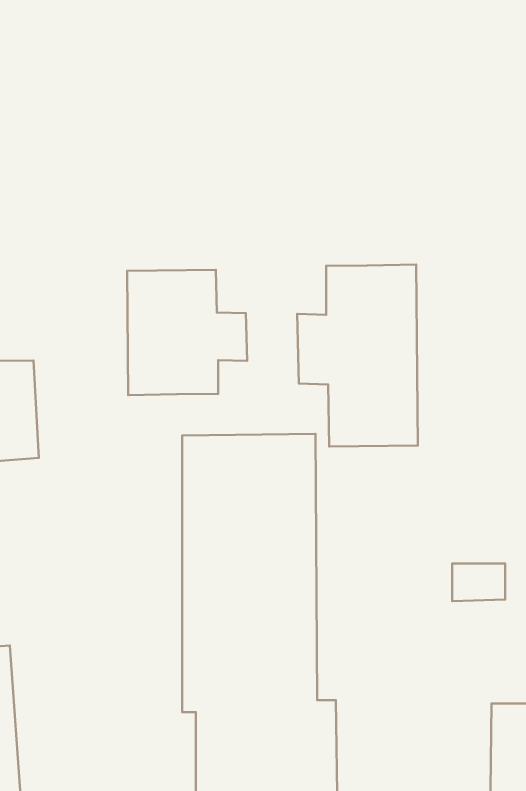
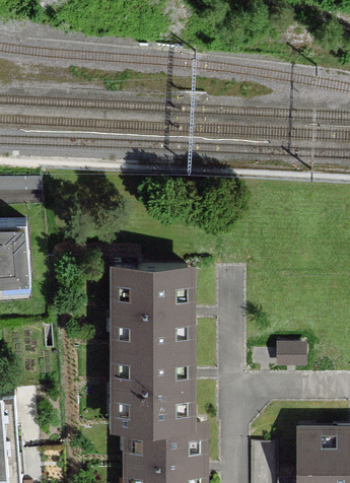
building: [297,265,418,447] -> none
building: [127,270,247,395] -> none

